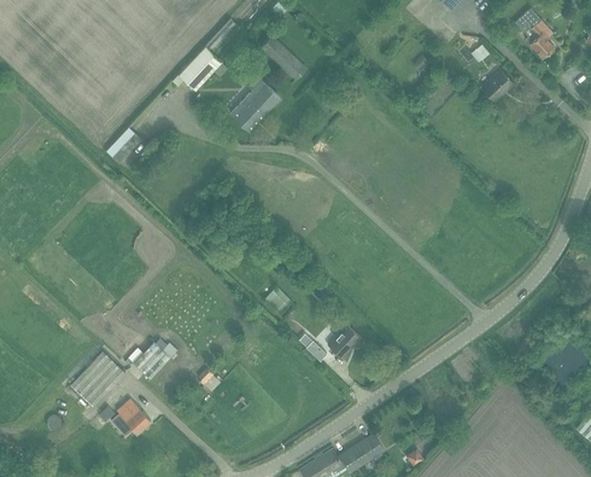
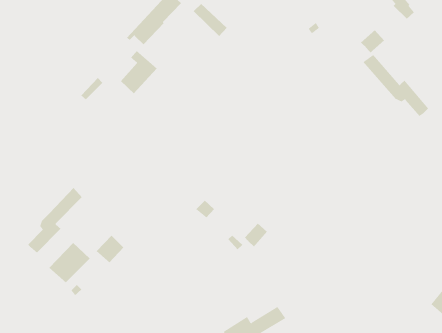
building: [230,72,280,130] -> [120,50,157,94]
building: none -> [363,54,429,117]
building: none -> [28,187,82,253]
building: [117,399,151,432] -> none

